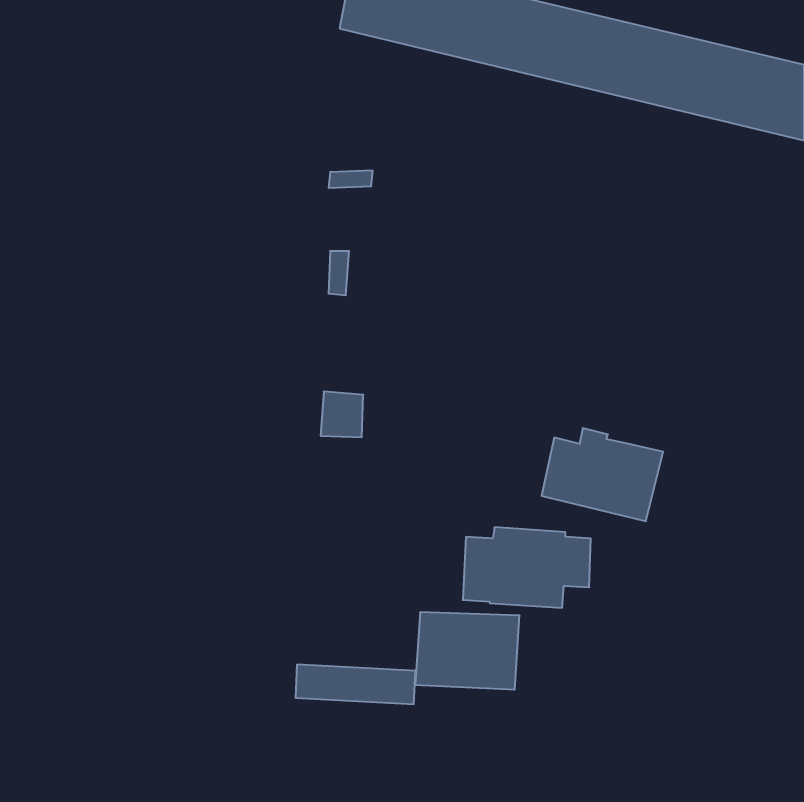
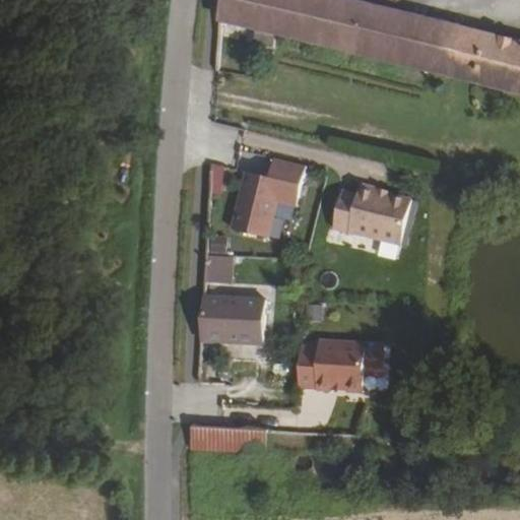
building: none -> [231,156,305,237]
building: [542,428,663,521] -> [332,184,410,244]
building: [415,612,520,690] -> [199,294,266,343]

